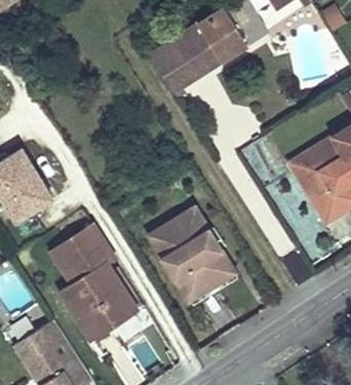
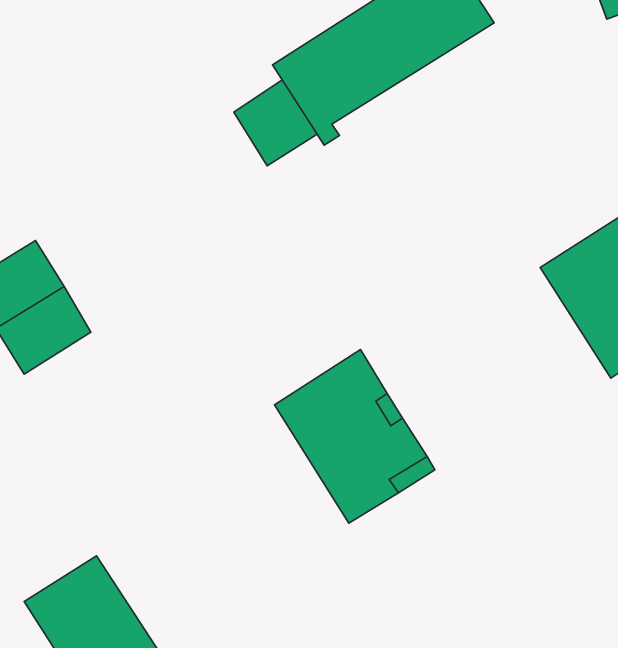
building: none -> [234,80,317,166]
building: [52,227,138,331] -> none

